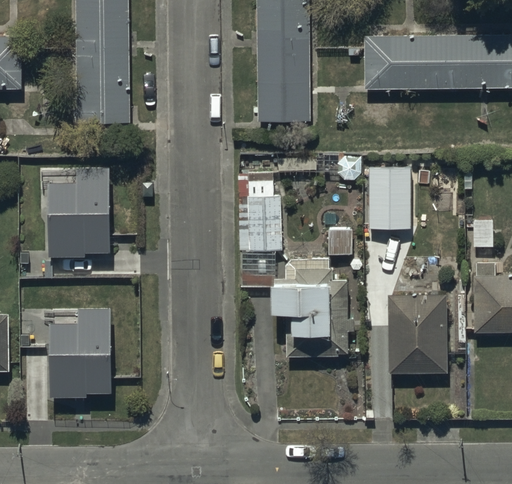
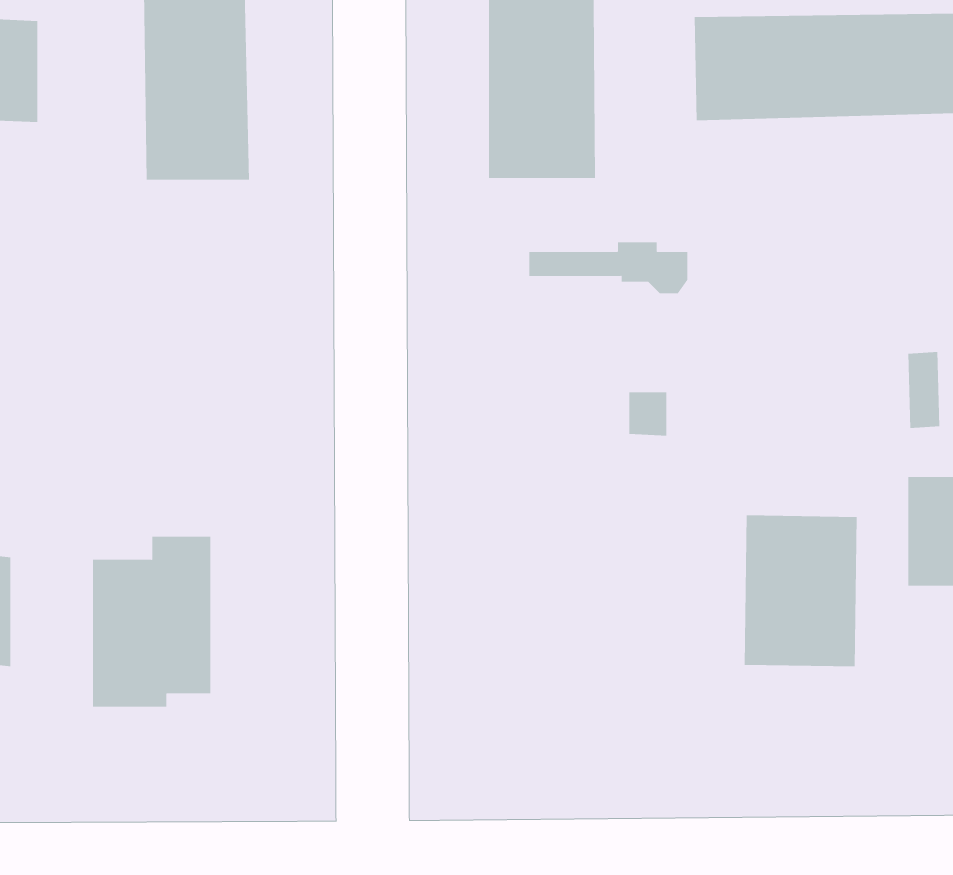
building: [47,166,109,255] -> none
building: [369,169,419,230] -> none
building: [239,176,348,357] -> none

